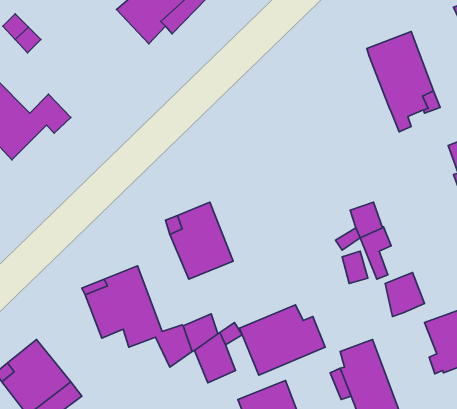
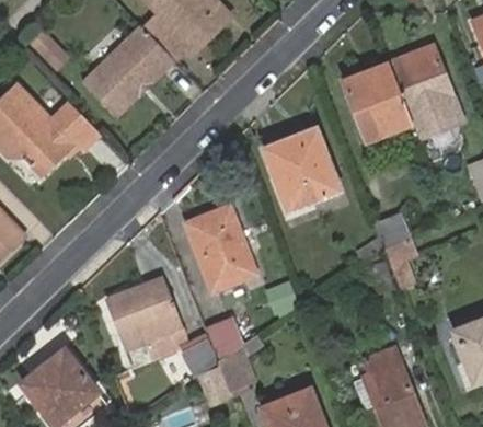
building: none -> [81,24,174,115]
building: none -> [341,71,411,141]
building: none -> [261,129,326,204]
building: [385,272,424,317] -> none
building: [239,305,325,375] -> none

